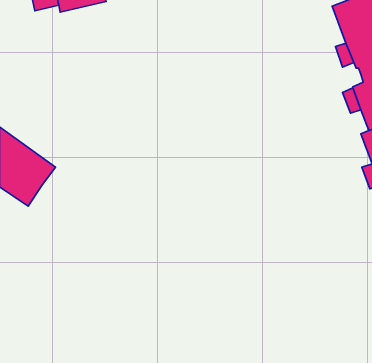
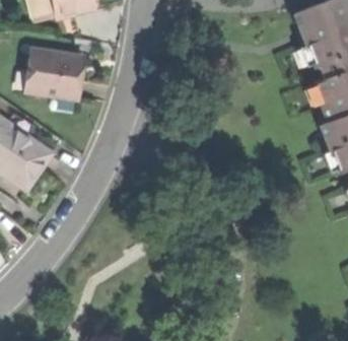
building: none -> [27,49,84,97]

